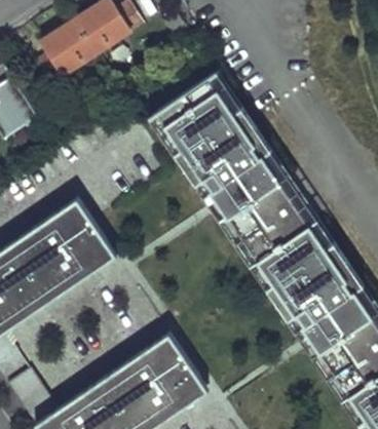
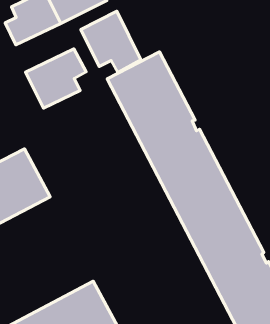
building: none -> [81,11,141,72]
building: none -> [25,49,86,108]

